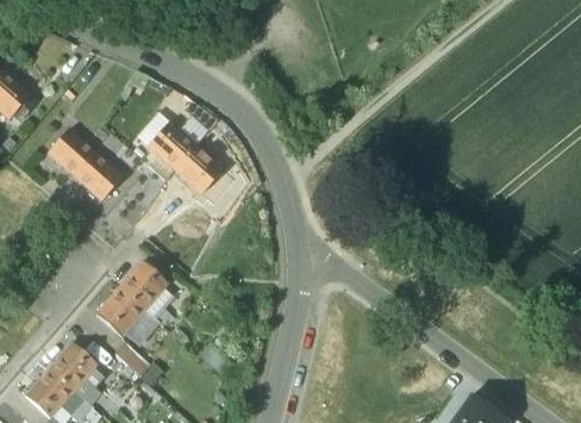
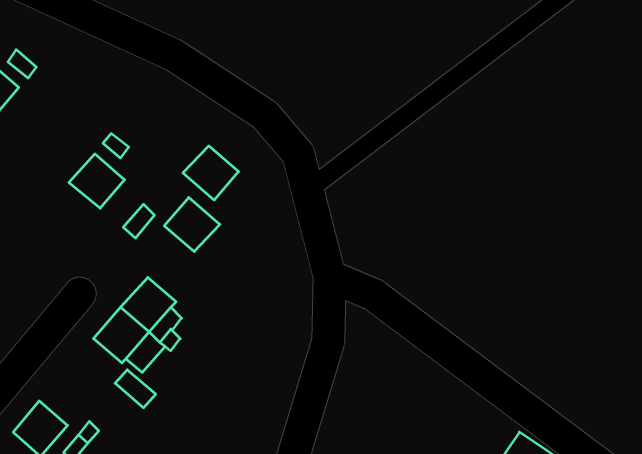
building: [148,122,196,169] -> [164,197,220,252]
building: [48,129,96,178] -> none
building: [48,343,96,391] -> none

